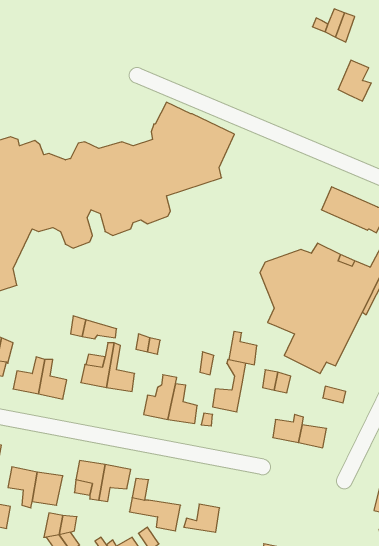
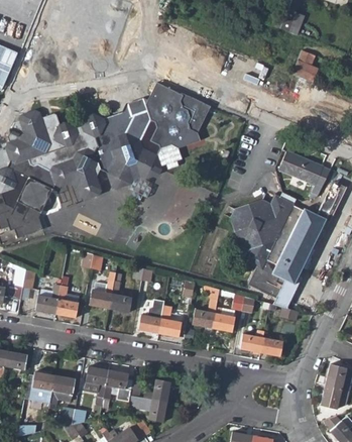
building: [229,331,257,365] -> [213,306,235,332]
building: [184,504,220,532] -> [143,379,171,402]

